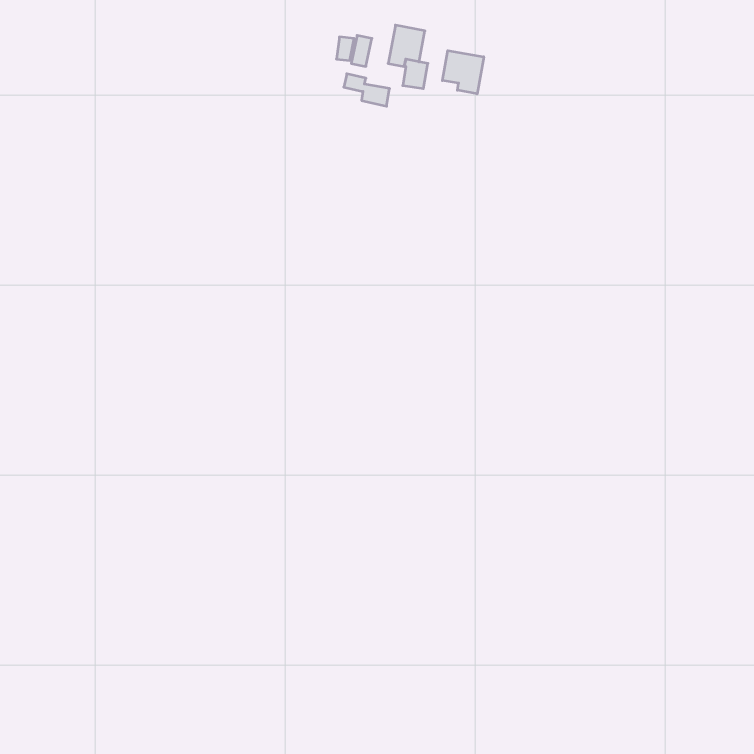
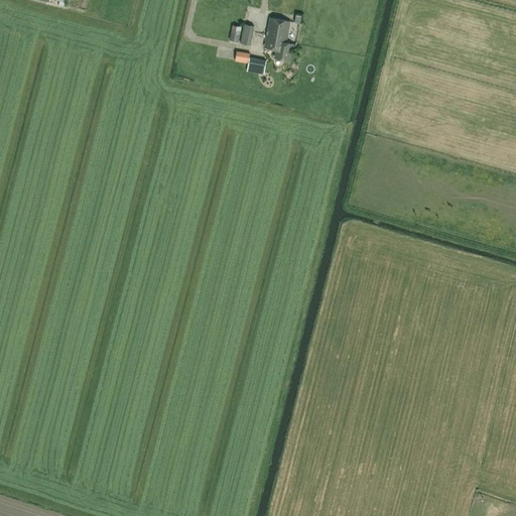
building: [442,51,484,94] -> none

